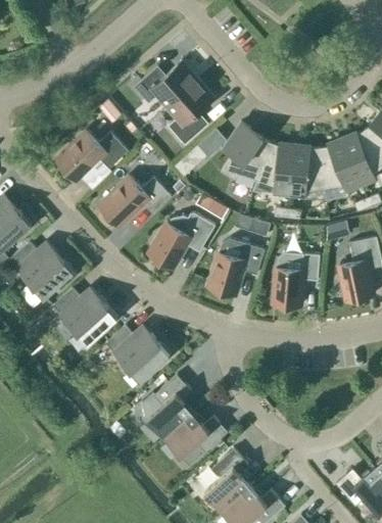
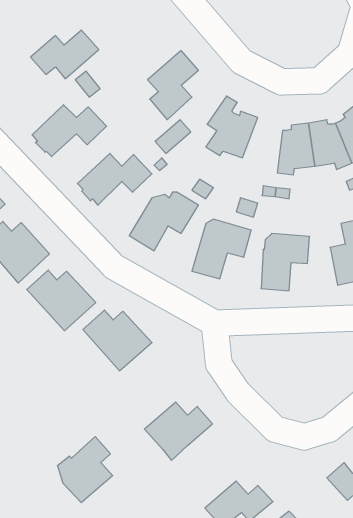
building: [134,61,198,107] -> [31,30,99,79]
building: [256,143,294,195] -> none
building: [141,375,193,437] -> [57,437,113,503]
building: [203,448,250,512] -> none

